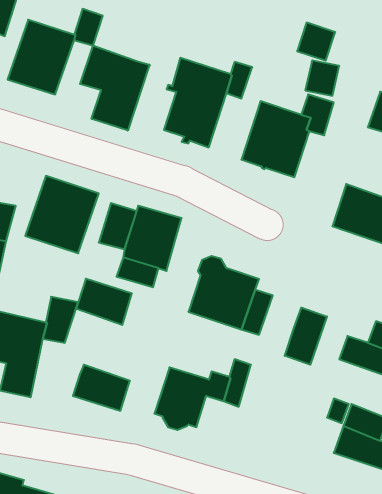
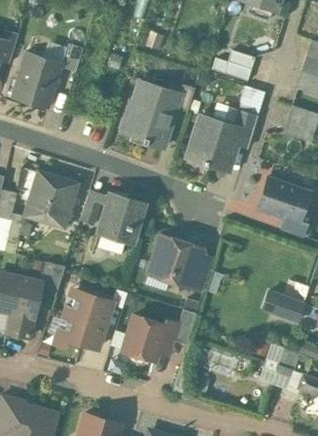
building: [80,46,150,131] -> none
building: [76,279,132,325] -> [70,290,112,325]
building: [285,308,327,365] -> none

